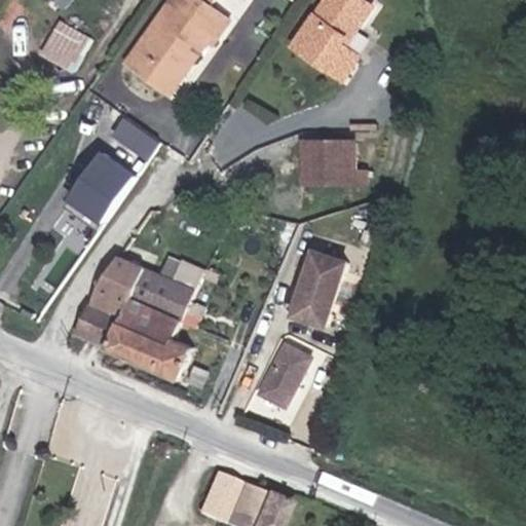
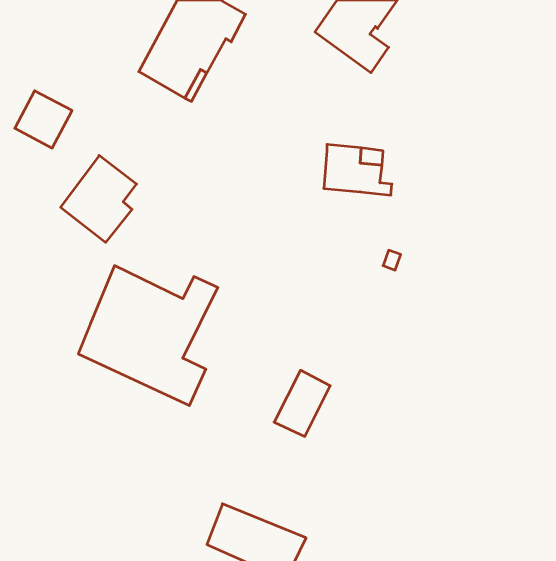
building: [37,20,90,73] -> [15,91,72,148]
building: [108,116,155,158] -> none
building: [291,256,345,329] -> none

